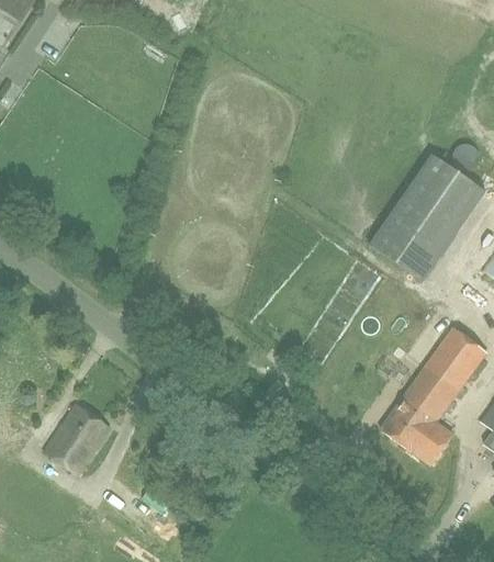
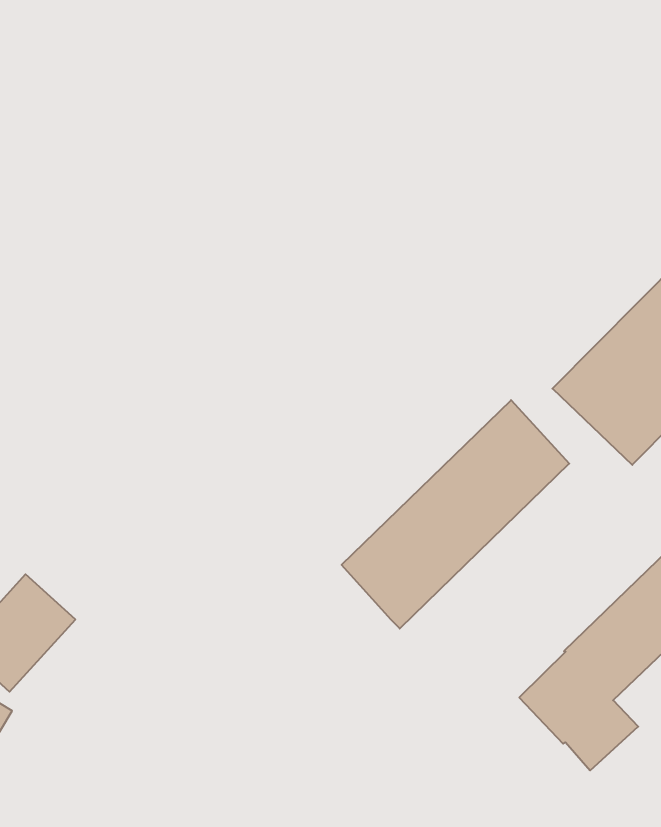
building: none -> [342,400,569,629]

